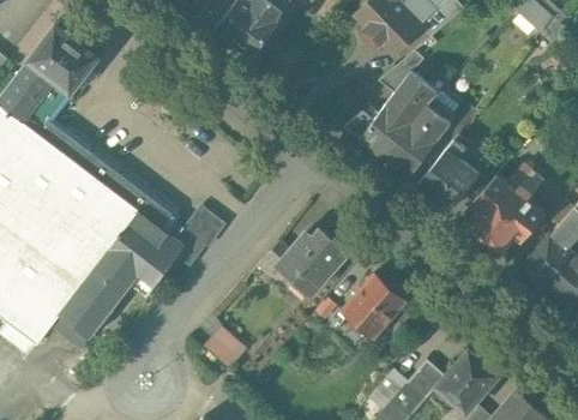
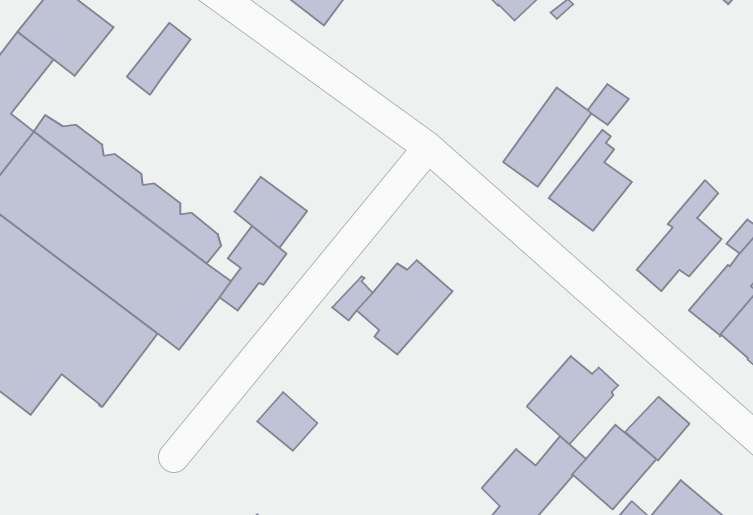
building: [347,62,436,157] -> none
building: [23,82,70,134] -> [127,23,191,95]
building: [465,163,534,236] -> none
building: none -> [234,177,307,248]
building: [341,274,408,338] -> [527,356,618,444]
building: none -> [625,397,689,460]

